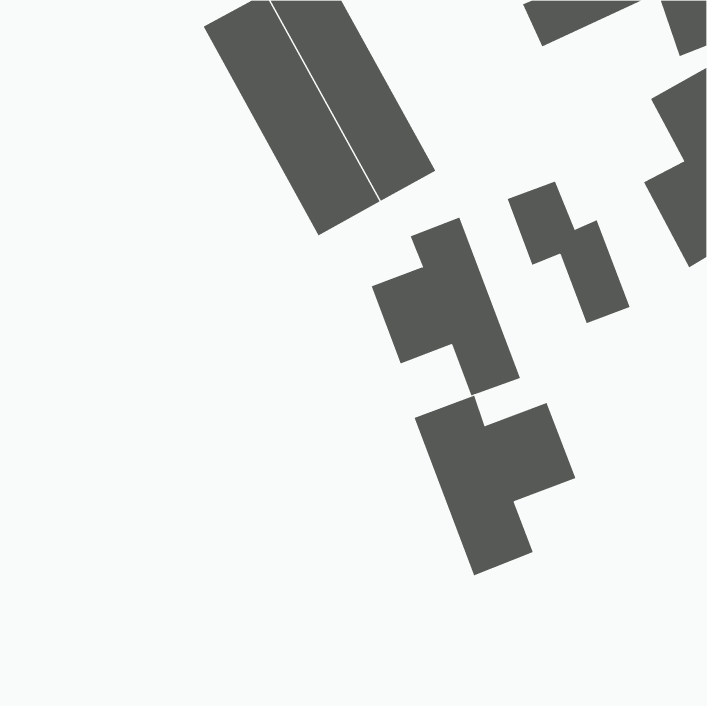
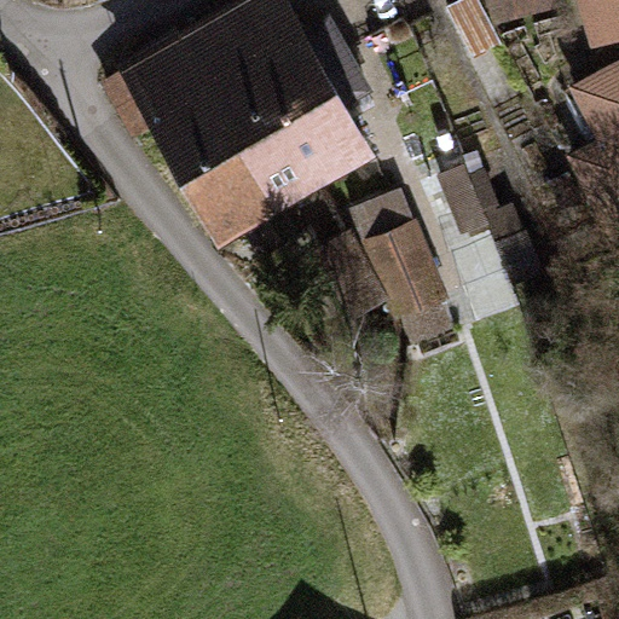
building: none -> [99,27,277,241]
building: [414,395,576,576] -> none

